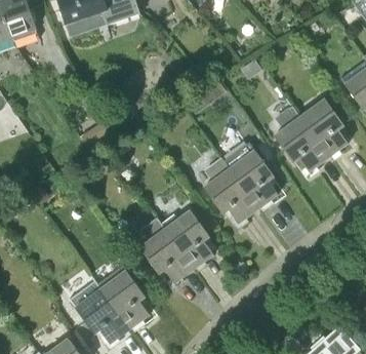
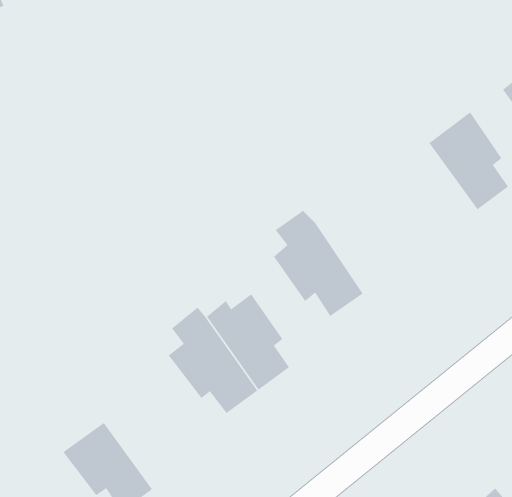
building: [273,106,328,171] -> none
building: [230,149,278,208] -> none
building: [99,269,150,328] -> none

